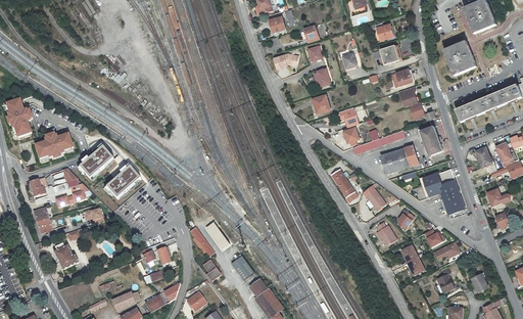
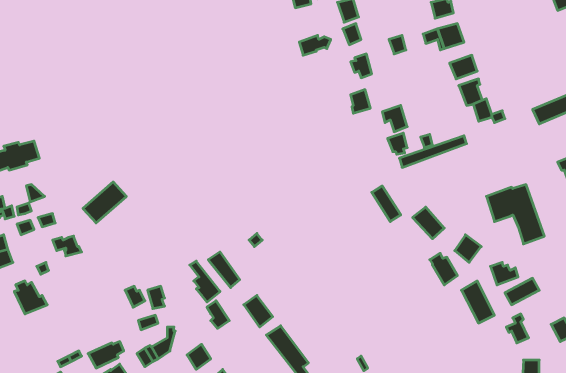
building: [443,41,477,76] -> none
building: [421,120,443,156] -> none
building: [380,145,419,174] -> none
building: [81,147,114,179] -> none

